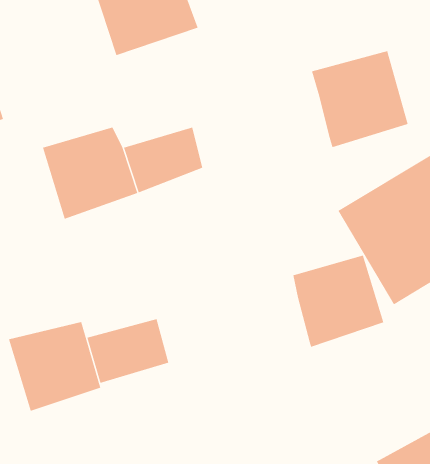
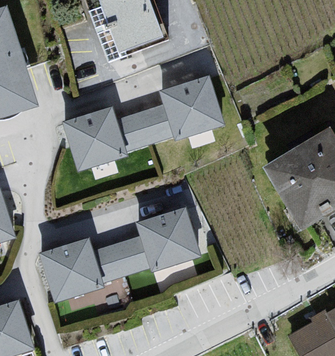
building: [311,50,409,148] -> [158,77,224,143]
building: [293,255,384,348] -> [136,209,198,272]

